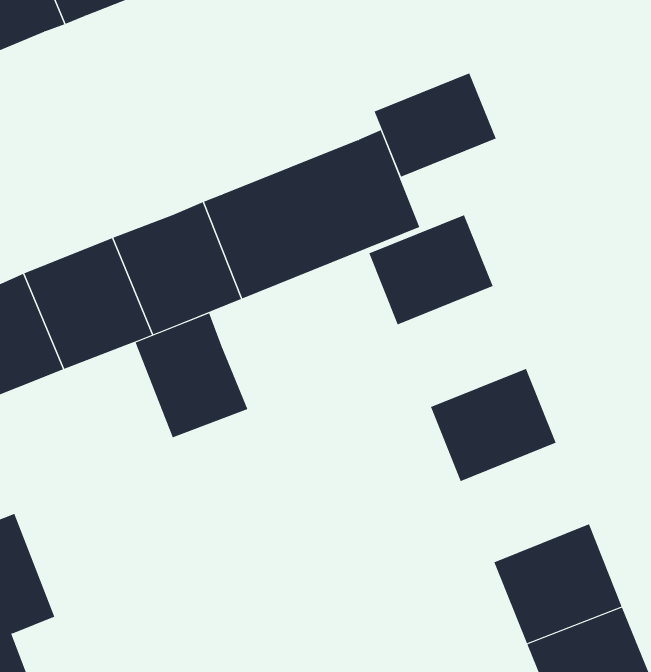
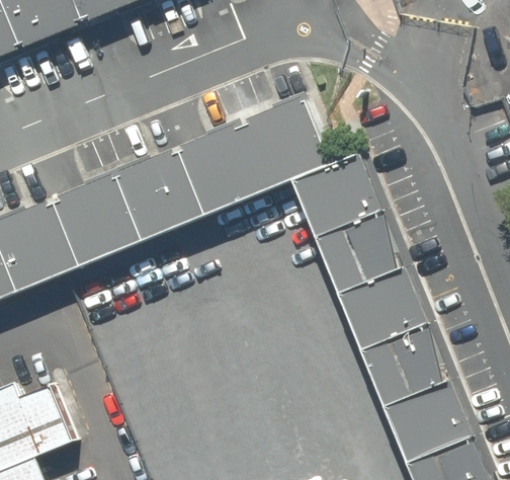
building: [374,72,497,178] -> none
building: none -> [314,207,405,292]
building: [135,313,248,438] -> none
building: none -> [358,317,449,401]

